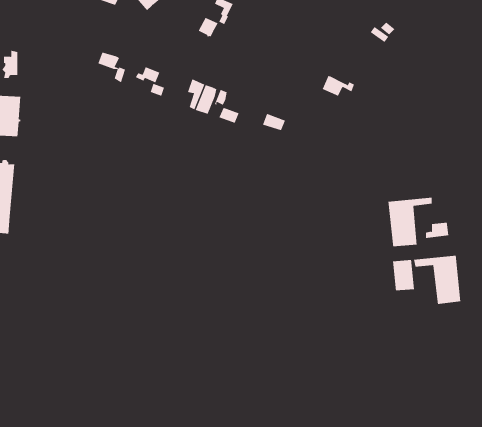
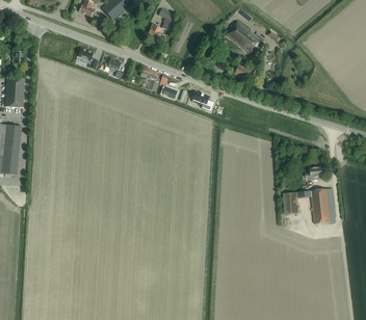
building: none -> [227,21,262,54]
building: [388,197,432,247] -> none

